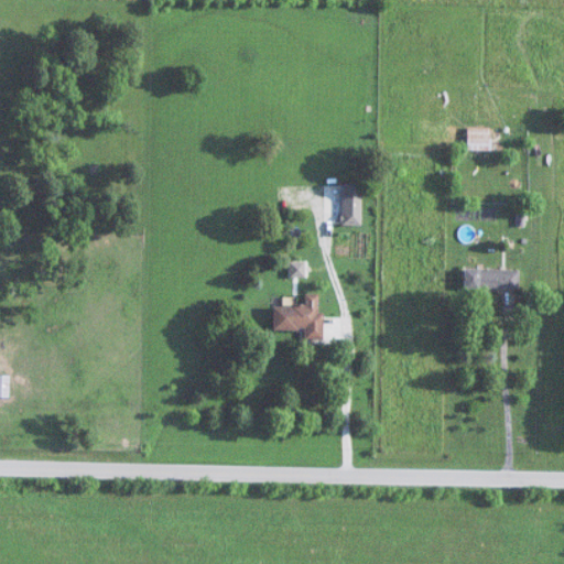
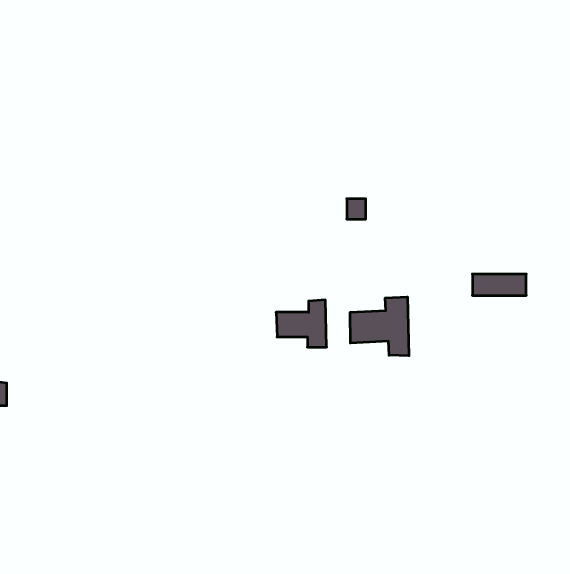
building: [465,128,489,151] -> none
building: none -> [350,297,409,356]

